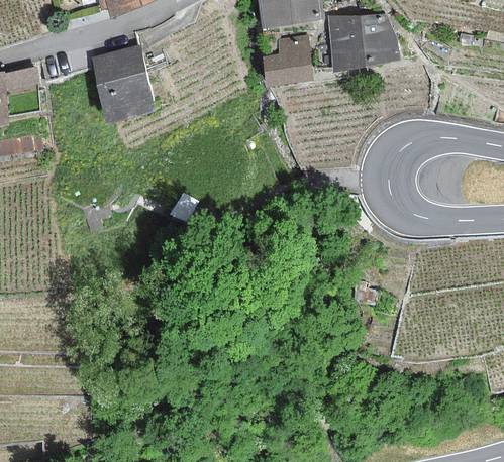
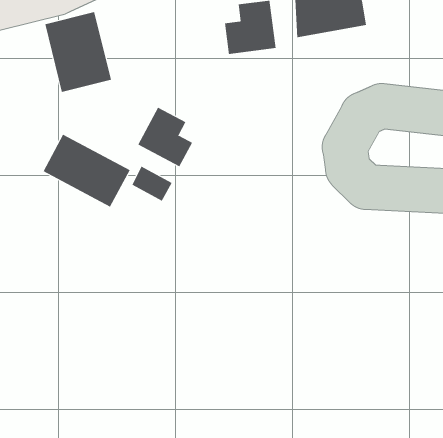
building: none -> [138,107,193,167]
building: none -> [43,134,131,207]

